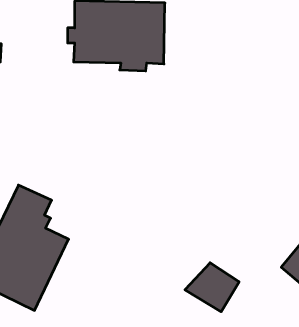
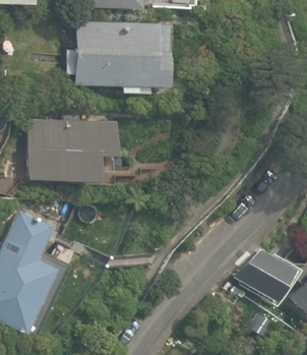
building: none -> [28,119,114,179]
building: [185,263,239,312] -> [235,244,290,294]

